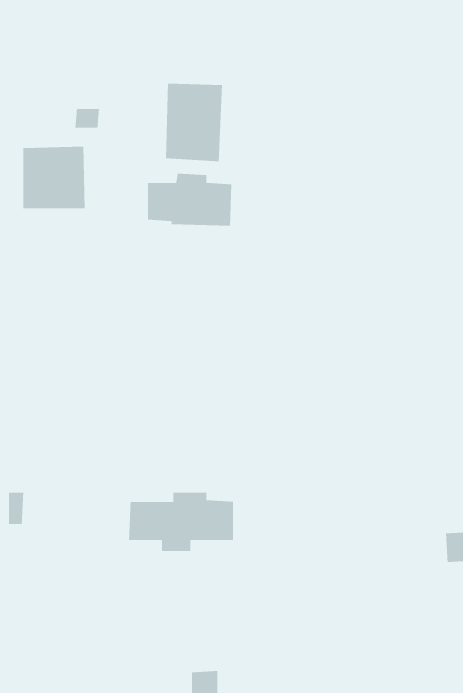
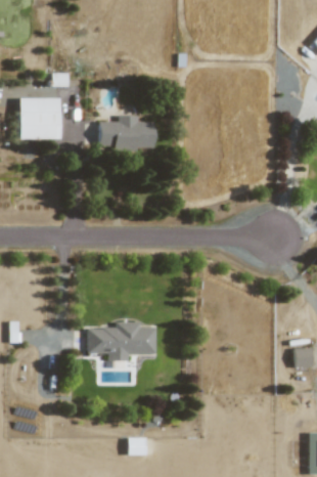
building: [165,83,223,162] -> none

